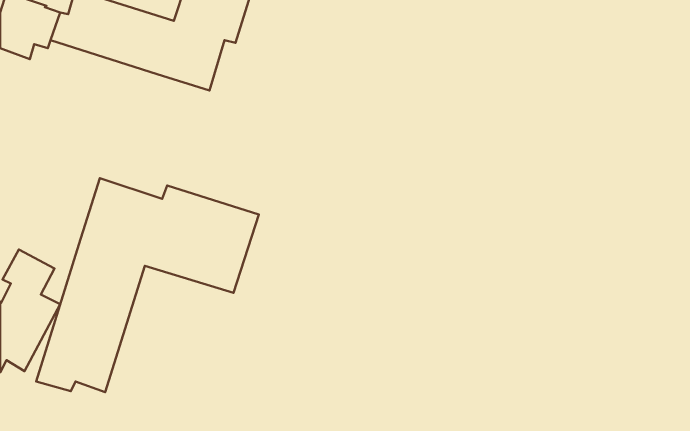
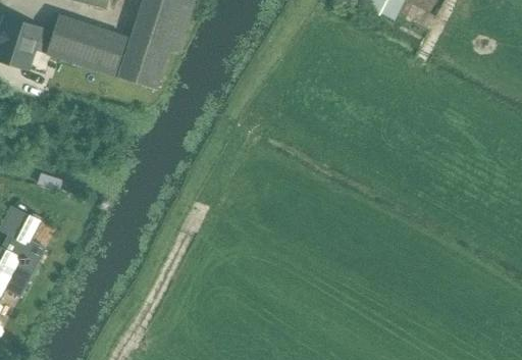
building: [36,178,259,392] -> none

